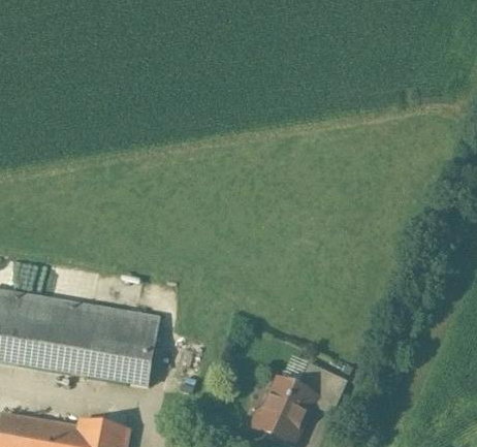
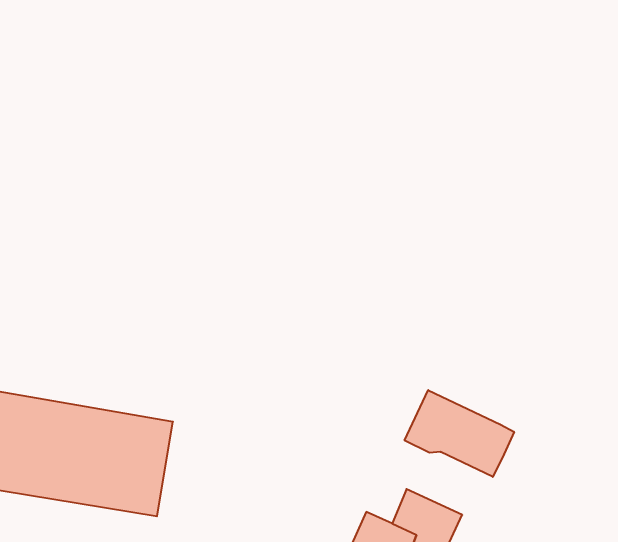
building: none -> [405,390,514,477]
building: [126,314,158,386] -> none

